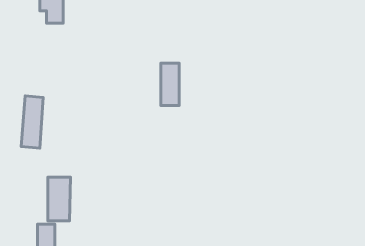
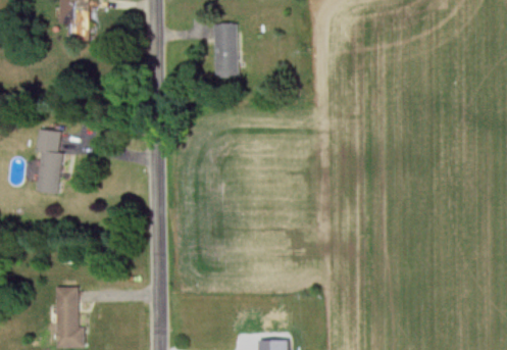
building: [161,63,179,105] -> [215,24,238,77]
building: [48,177,71,221] -> none

